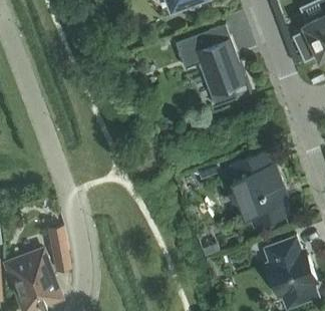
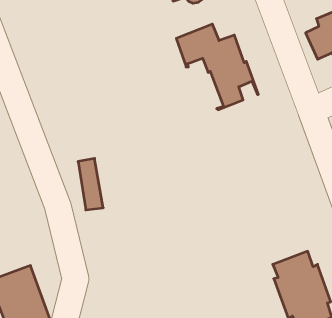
building: [232,152,289,228] -> none
building: [48,224,71,271] -> [78,158,103,210]

